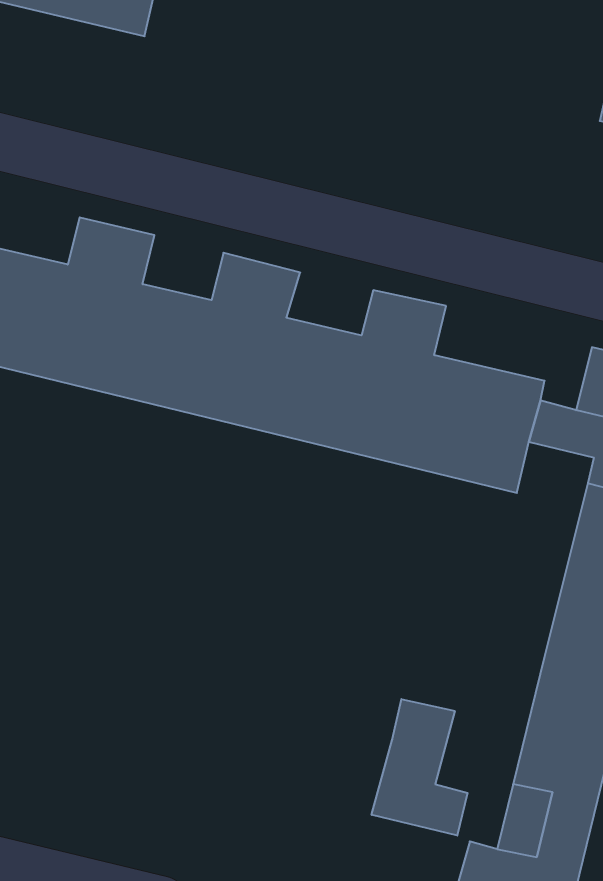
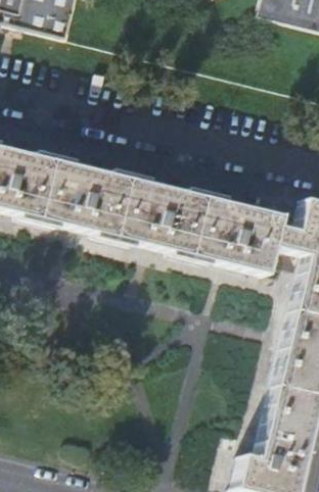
building: [372,699,468,836] -> none

